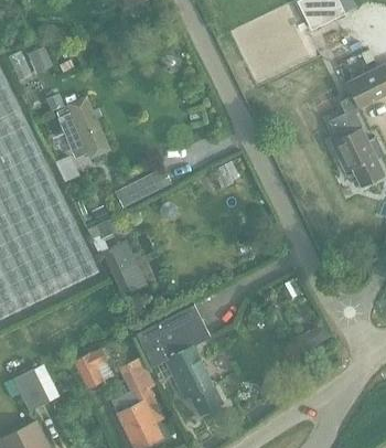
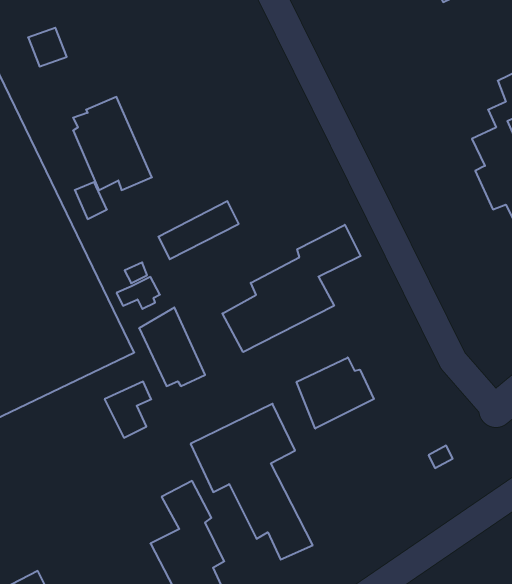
building: none -> [222,225,361,352]
building: none -> [297,357,374,429]
building: [73,350,105,388] -> [105,382,151,438]
building: [13,369,51,410] -> none

